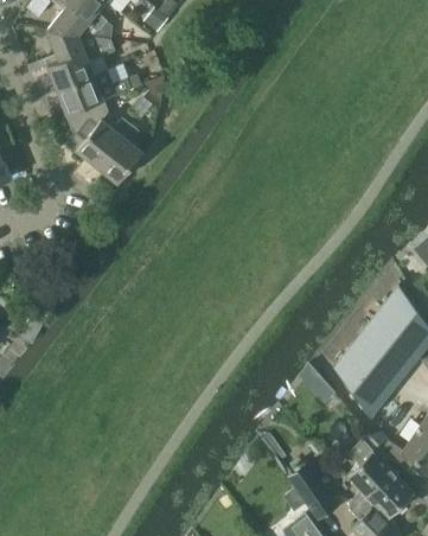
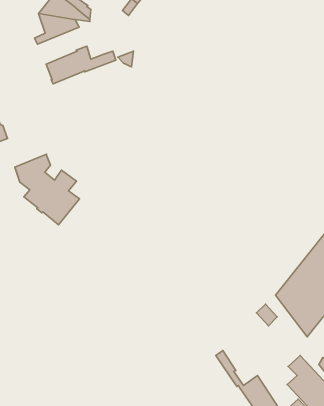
building: [47,38,116,91] -> none
building: [66,100,143,184] -> [15,154,79,225]

